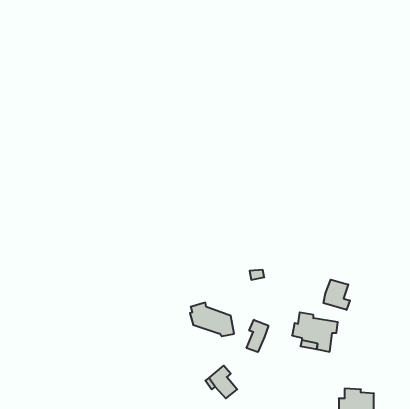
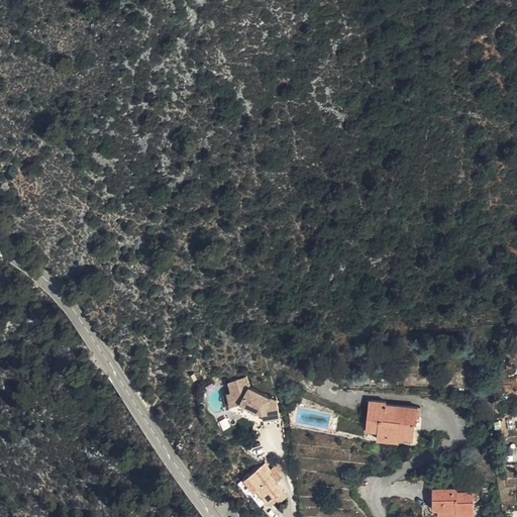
building: [323,280,350,310] -> none
building: [247,320,268,352] -> none

